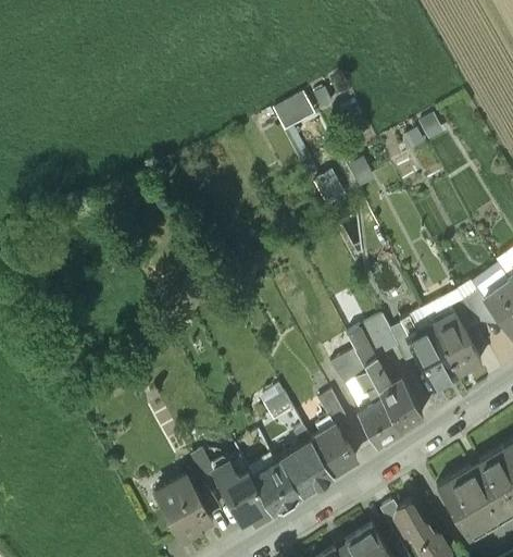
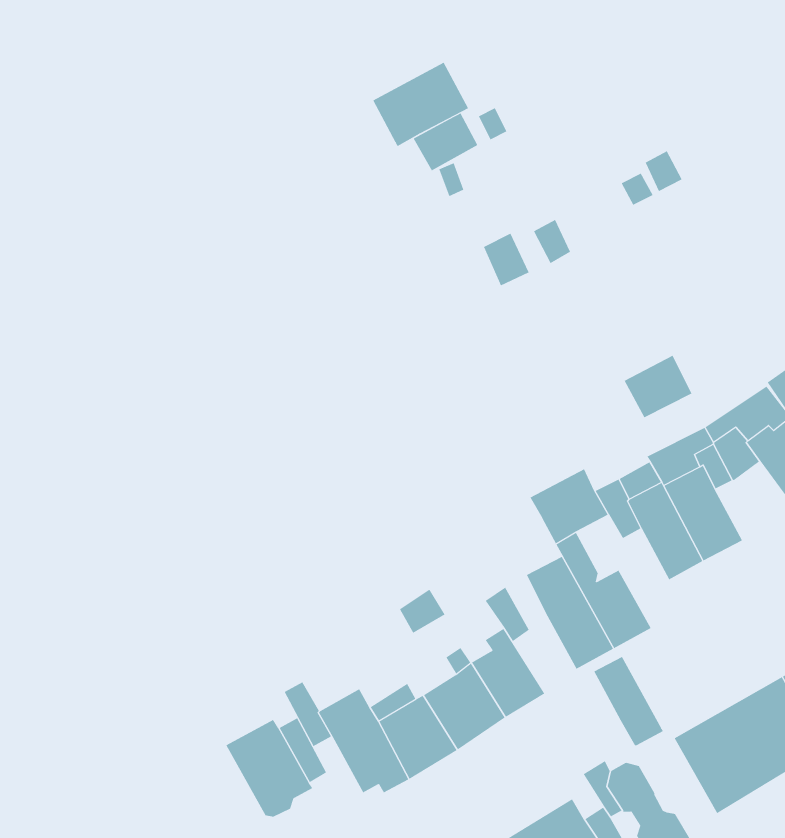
building: none -> [372,62,469,147]
building: none -> [624,355,692,418]
building: [331,348,367,384] -> none
building: none -> [594,656,664,746]

